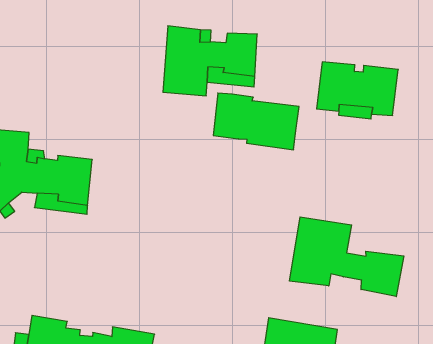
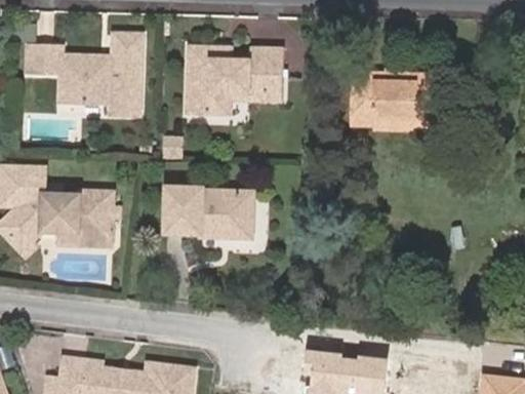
building: none -> [24,35,140,118]
building: [213,93,299,150] -> [163,188,252,243]
building: [290,217,404,297] -> none

